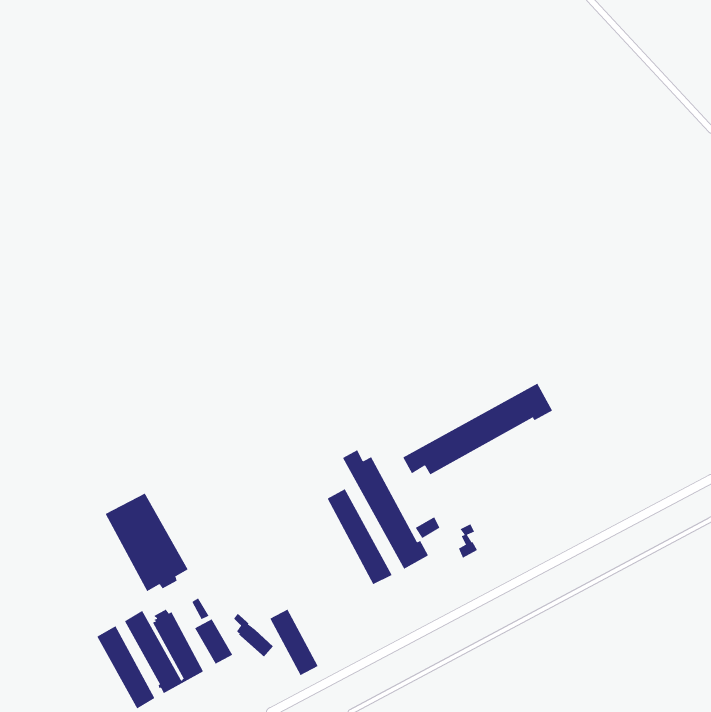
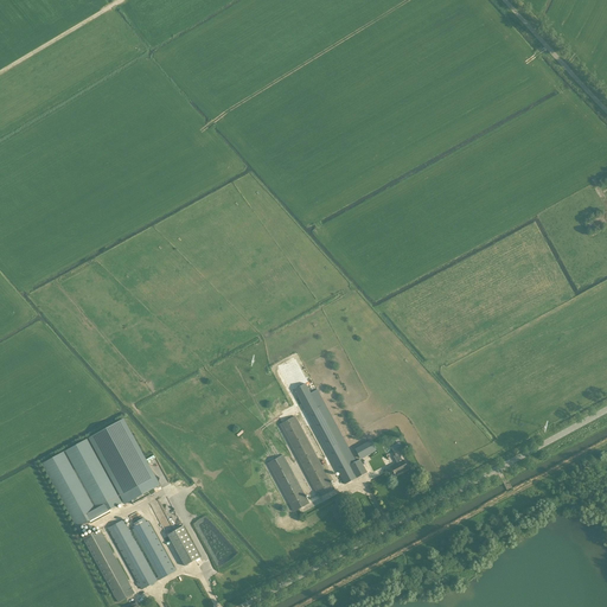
building: [402,383,553,475] -> none
building: none -> [37,440,116,528]
building: [270,609,318,676] -> [266,454,307,511]

